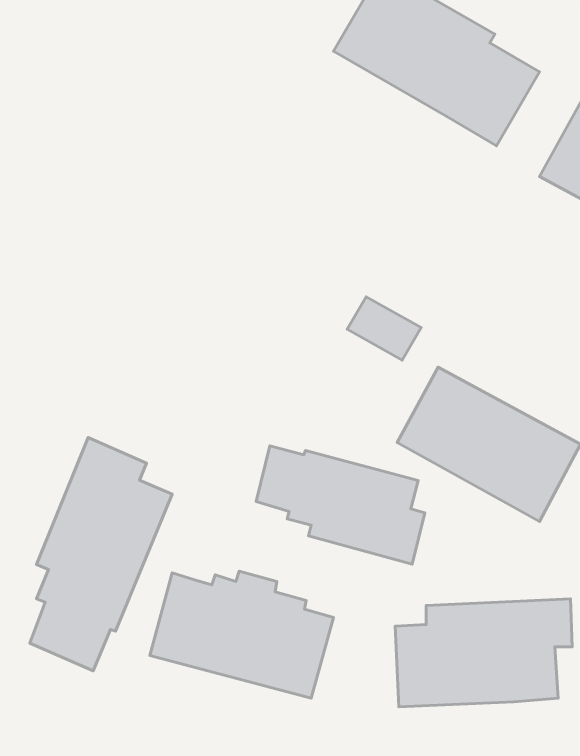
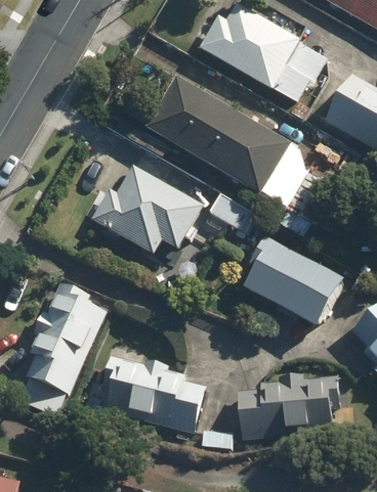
building: none -> [146,75,294,194]
building: none -> [91,160,203,257]
building: [256,446,425,564] -> none

